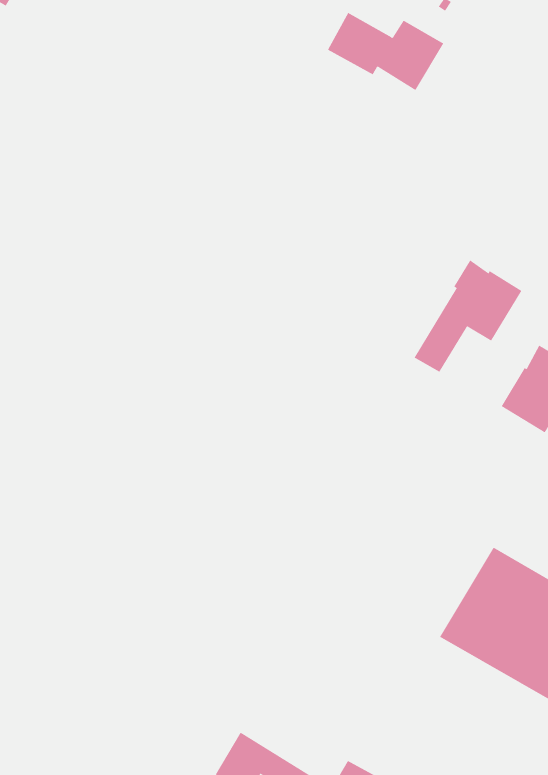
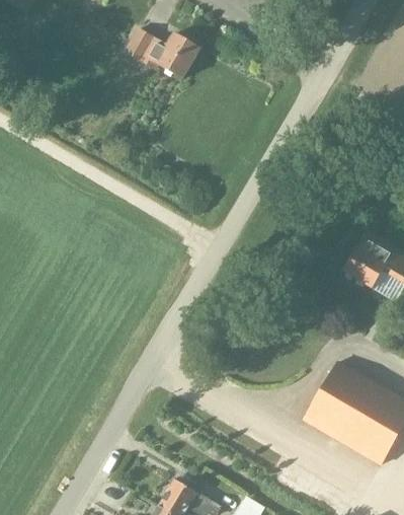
building: [327,12,444,91] -> [126,28,200,79]
building: [414,259,522,373] -> none

